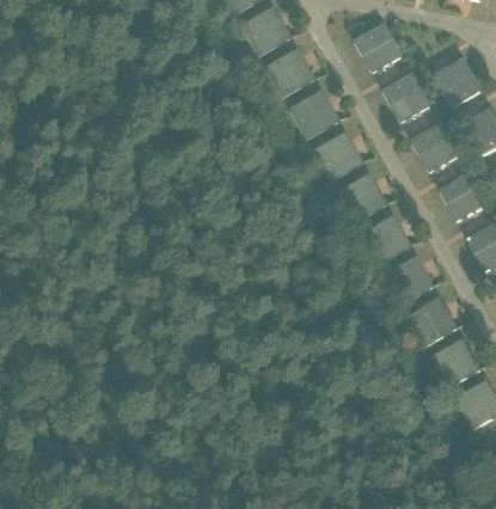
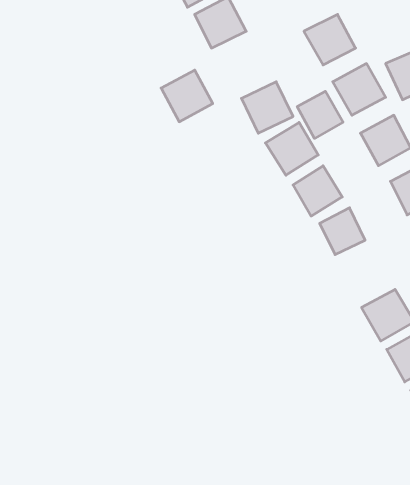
building: [264,47,316,98] -> [161,70,213,122]
building: none -> [297,91,343,138]
building: [388,256,434,301] -> none

